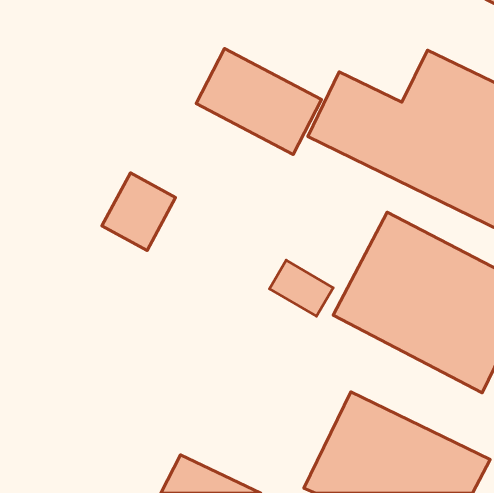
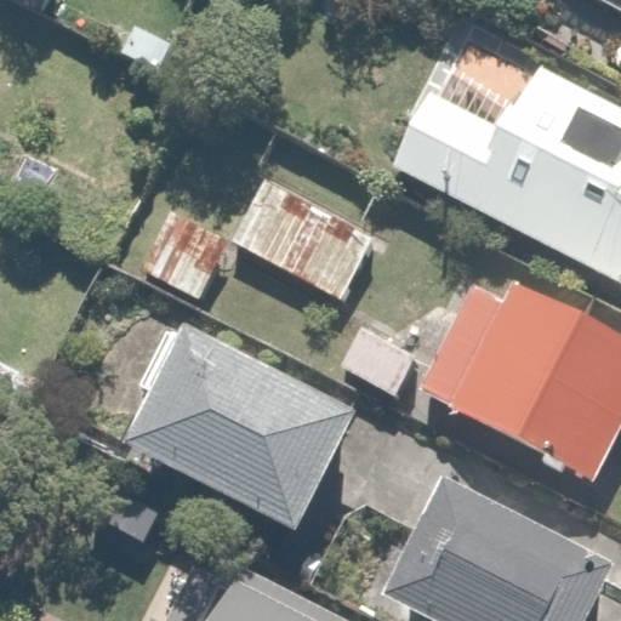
building: [196,48,322,154] -> [228,165,383,296]
building: none -> [133,323,352,531]

